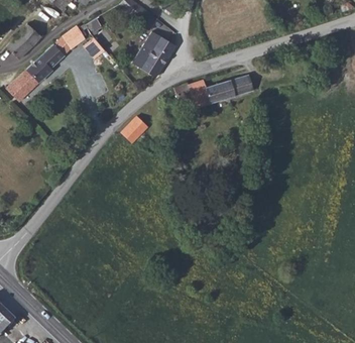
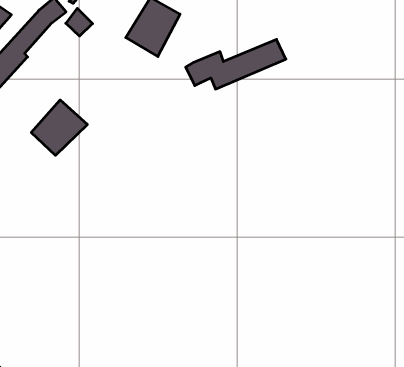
building: none -> [31,100,87,155]
building: [122,116,150,143] -> none

